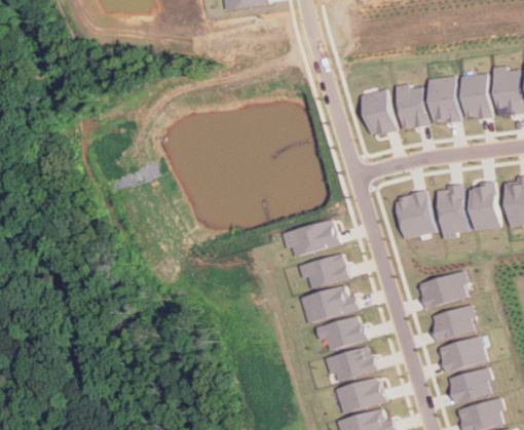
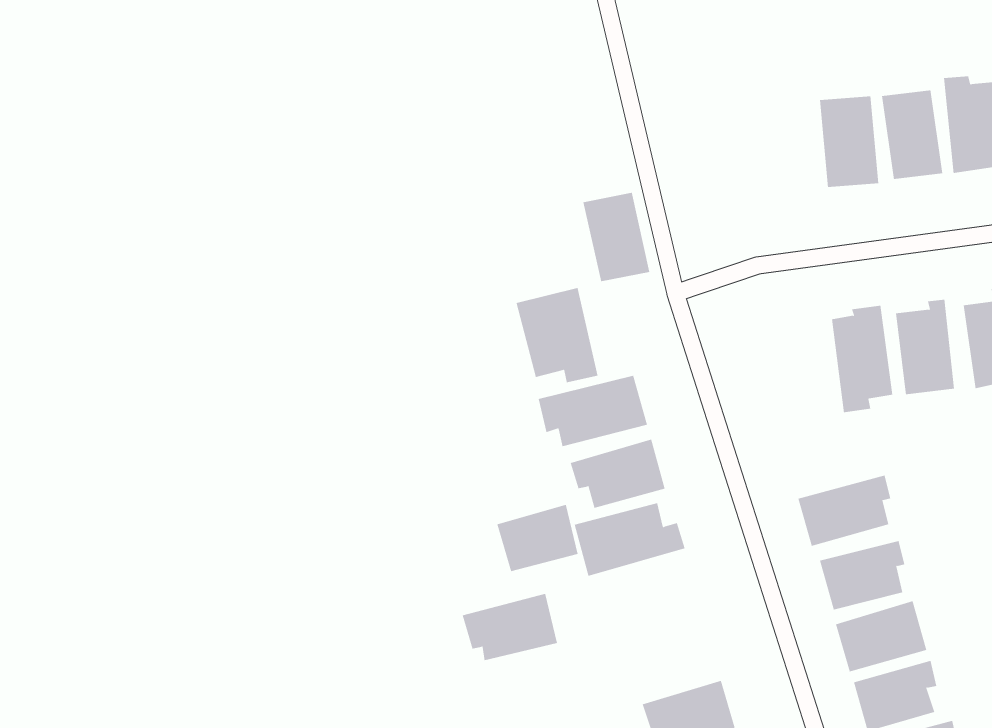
building: [396,84,428,129] -> none
building: [361,89,396,135] -> [582,192,650,282]
building: none -> [516,287,598,383]
building: [392,191,433,238] -> none
building: [324,315,366,350] -> [497,504,578,572]
building: [327,346,376,381] -> [462,593,558,661]

